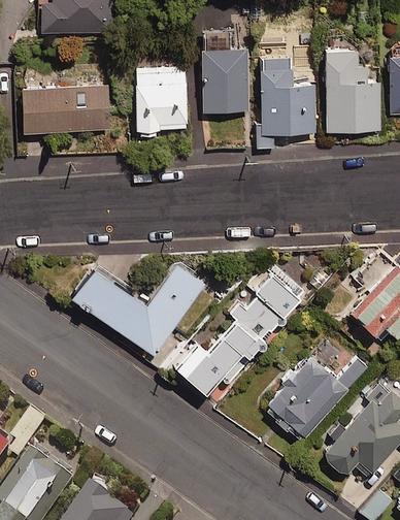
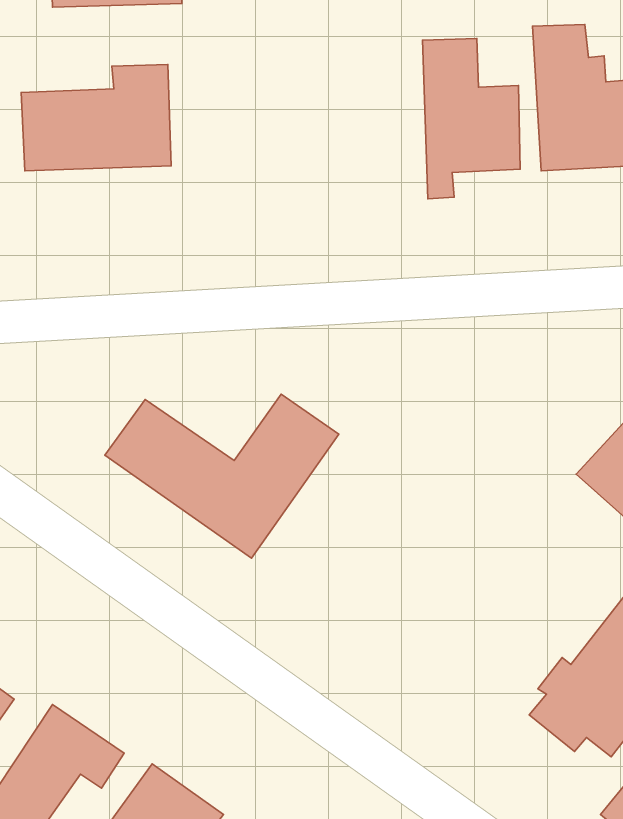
building: [200,47,248,112] -> none
building: [132,62,186,131] -> none
building: [172,267,304,394] -> none
building: [261,354,368,442] -> none

